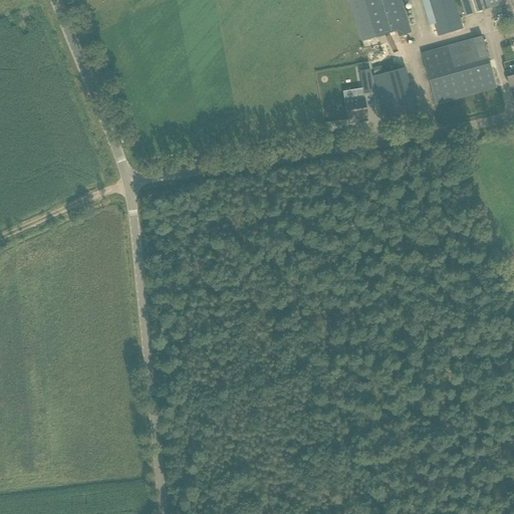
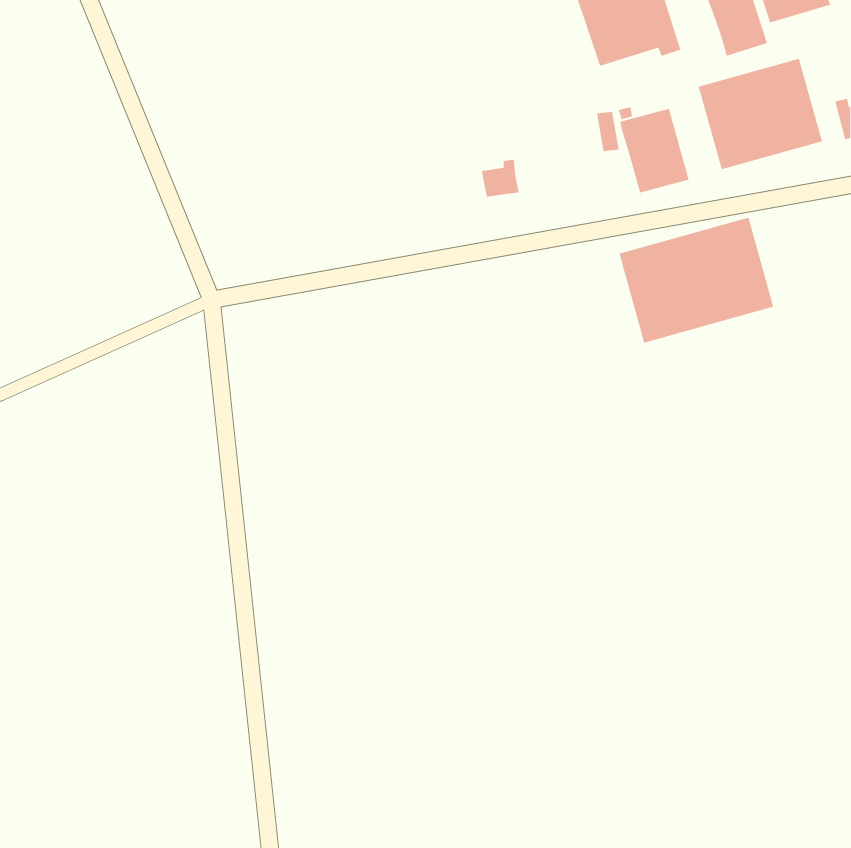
building: [344,95,367,118] -> [481,159,519,197]
building: none -> [619,217,774,343]

